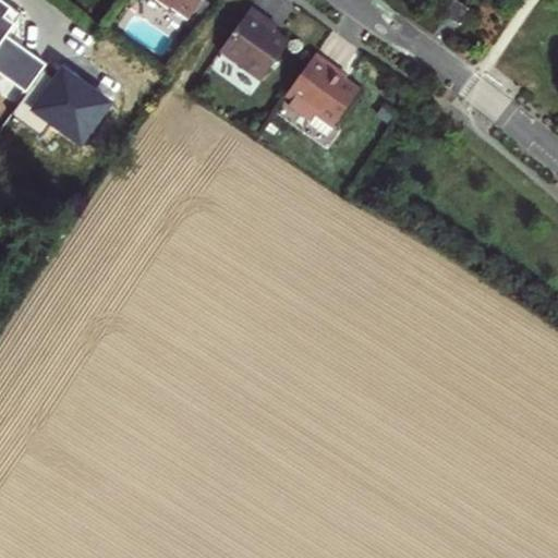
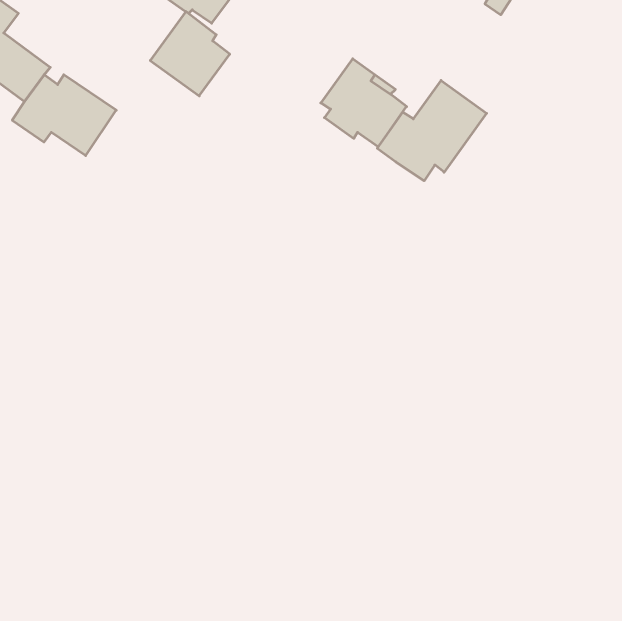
building: [218,7,289,82] -> [150,11,230,96]
building: none -> [377,80,487,181]

